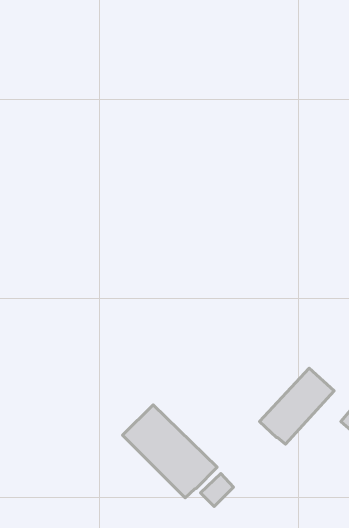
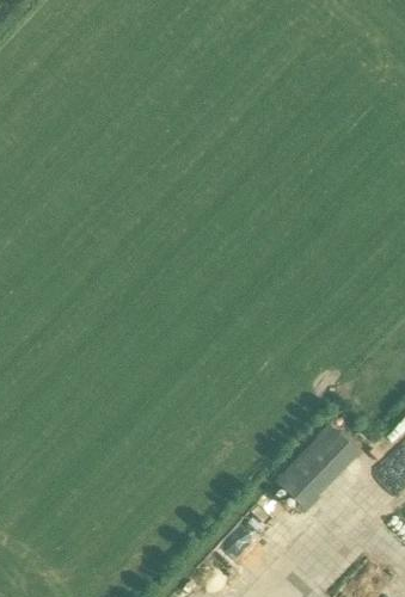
building: [123,405,217,498] -> none

